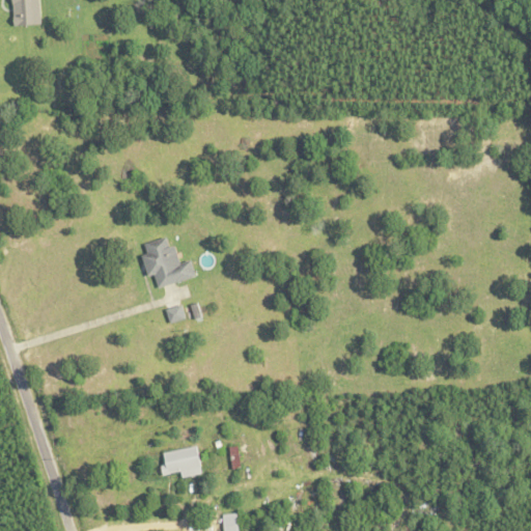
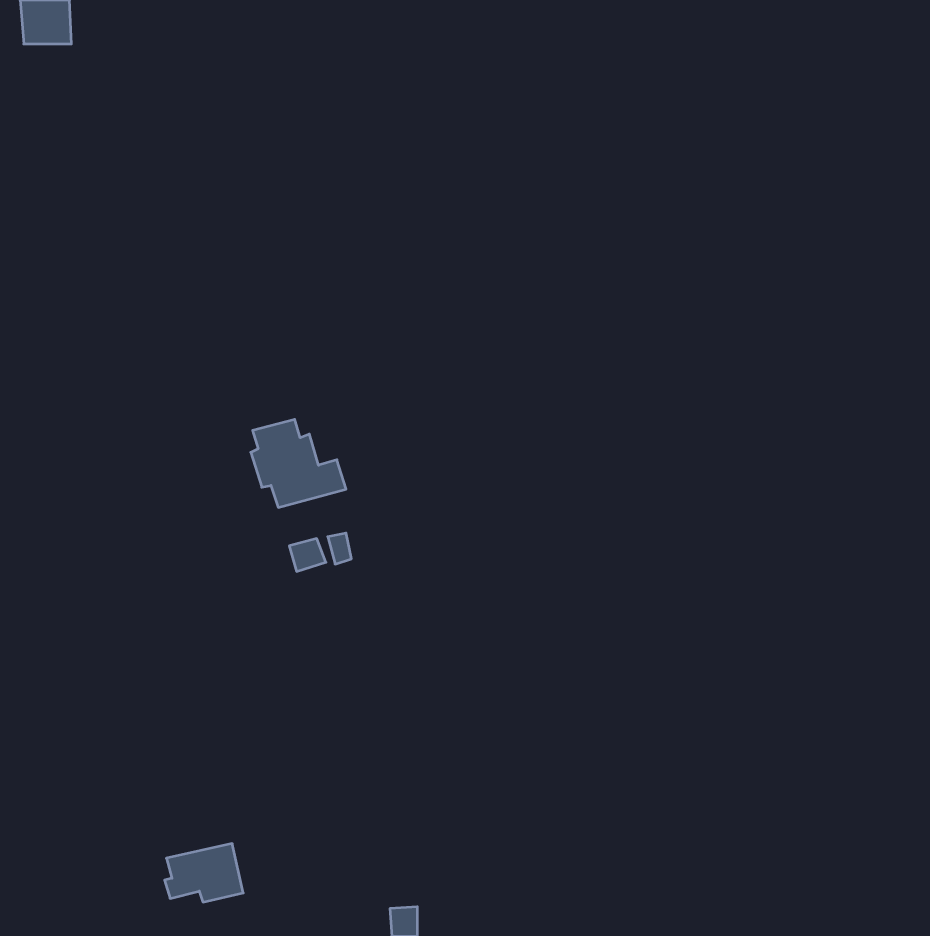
building: [159,445,203,478] -> [165,844,243,902]

